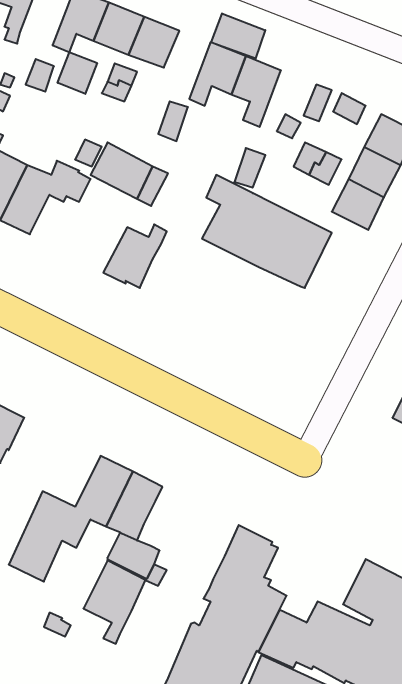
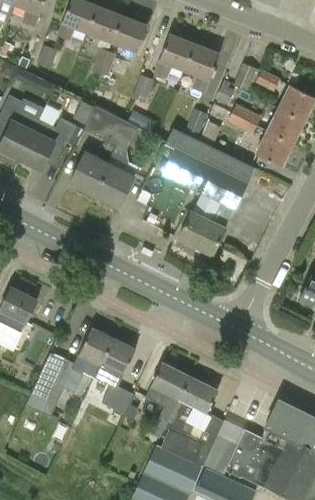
building: [211,13,265,59] -> none
building: [58,52,97,94] -> none
building: none -> [70,152,110,197]
building: none -> [178,193,233,255]
building: [83,560,146,644] -> [145,362,189,421]

